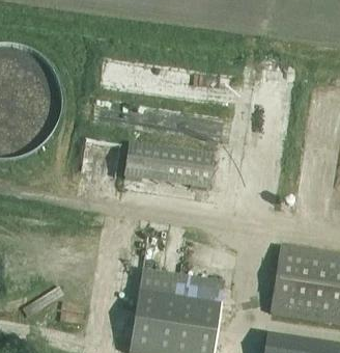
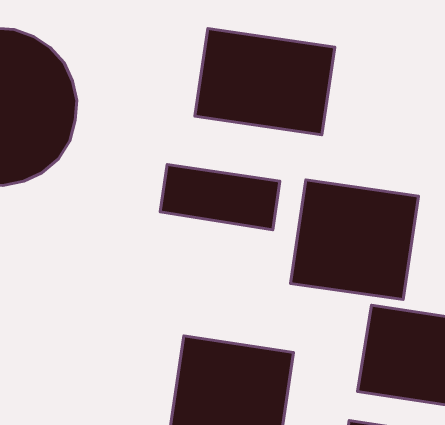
building: none -> [195,29,335,135]
building: none -> [291,180,418,300]

